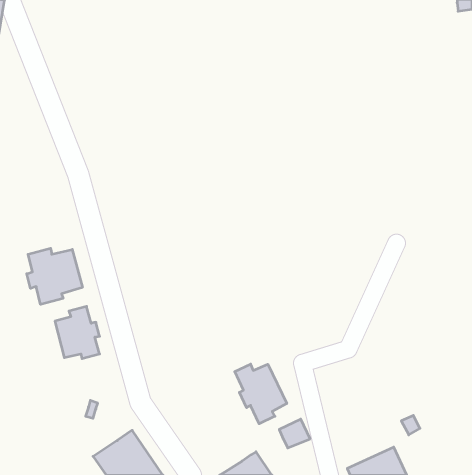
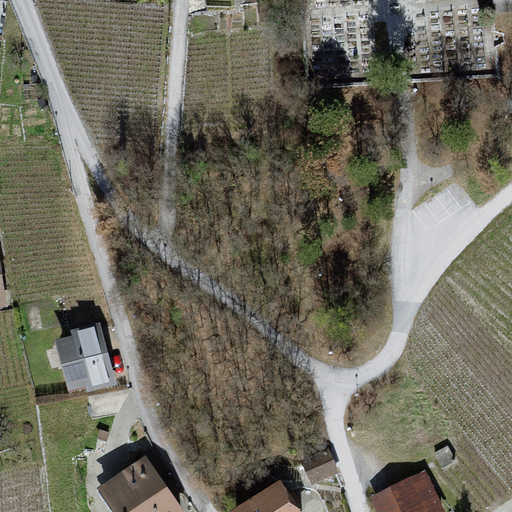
building: [27,248,82,304] -> none
building: [235,364,287,424] -> none

